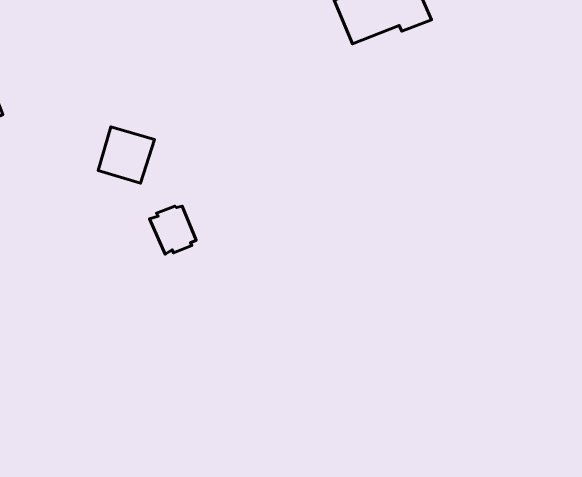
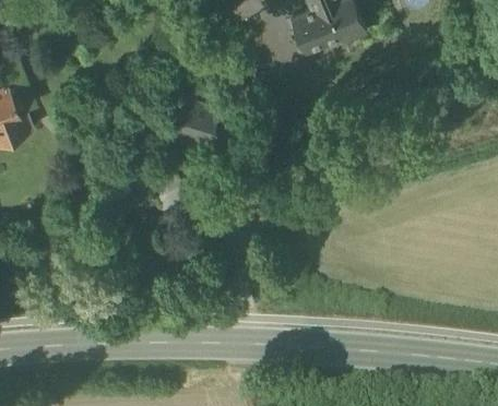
building: [98,127,154,183] -> [169,101,213,145]

